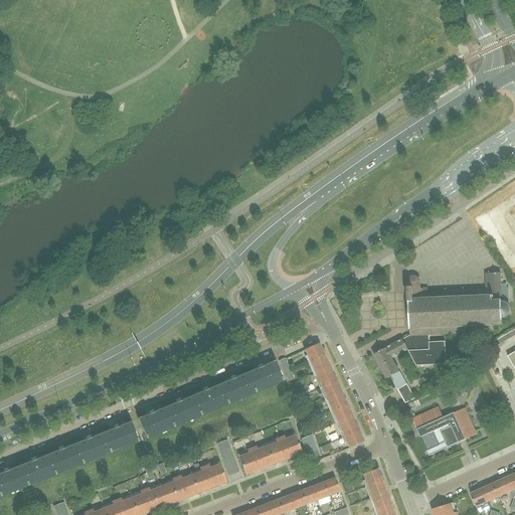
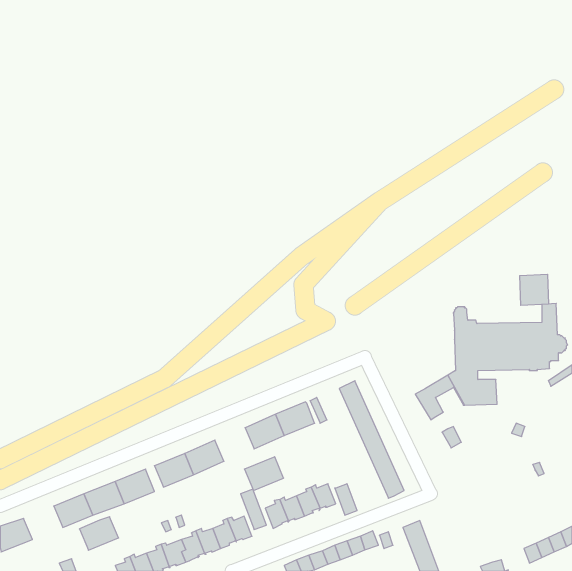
building: none -> [520,274,548,305]
building: [193,384,228,414] -> [244,457,284,490]
building: [412,406,477,451] -> none
building: [21,455,56,485] -> [79,517,119,550]

